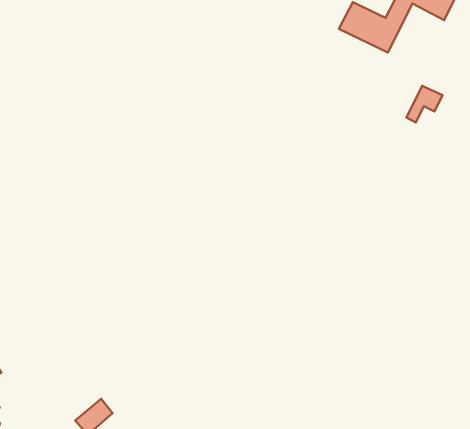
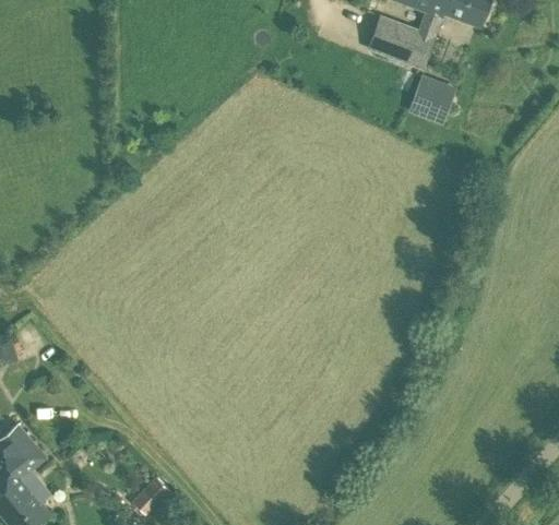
building: [406,86,442,123] -> [409,74,445,115]

